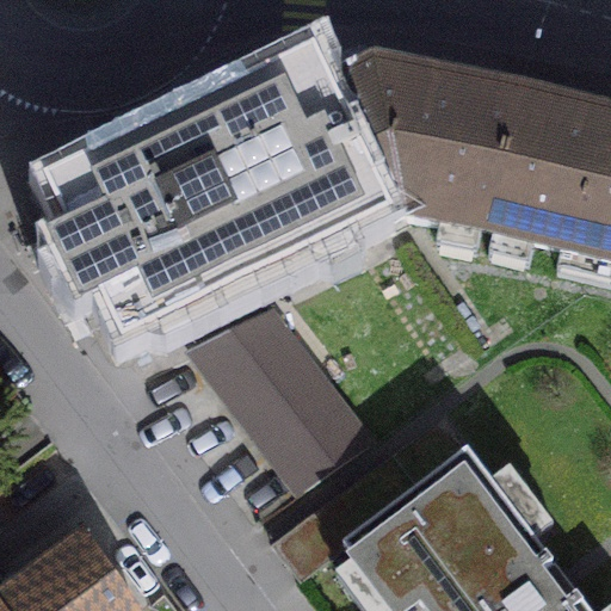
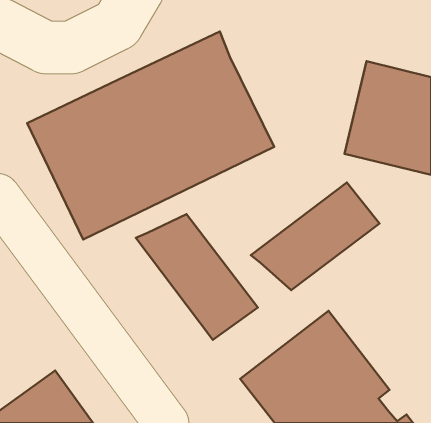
building: [323,56,516,216] -> none
building: none -> [251,182,379,290]

